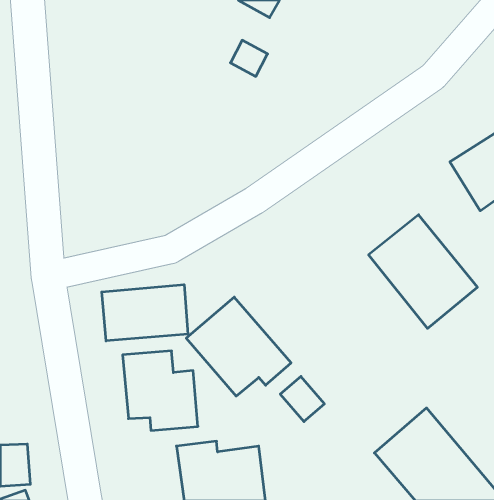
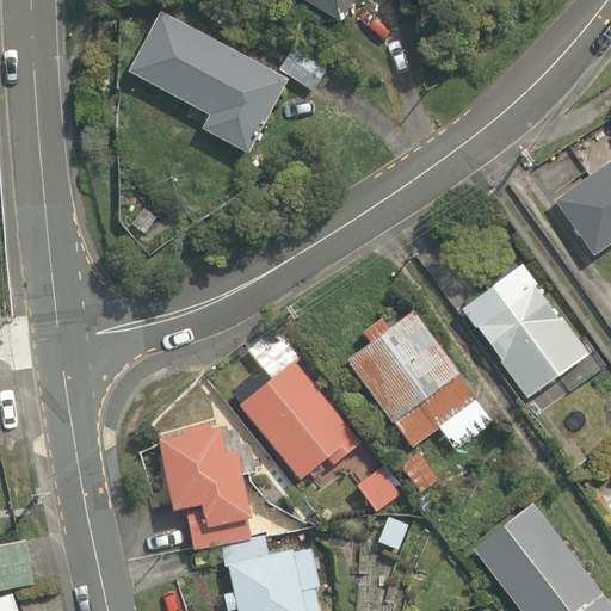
building: none -> [126,10,286,156]
building: none -> [348,310,496,451]
building: [102,285,188,341] -> none

